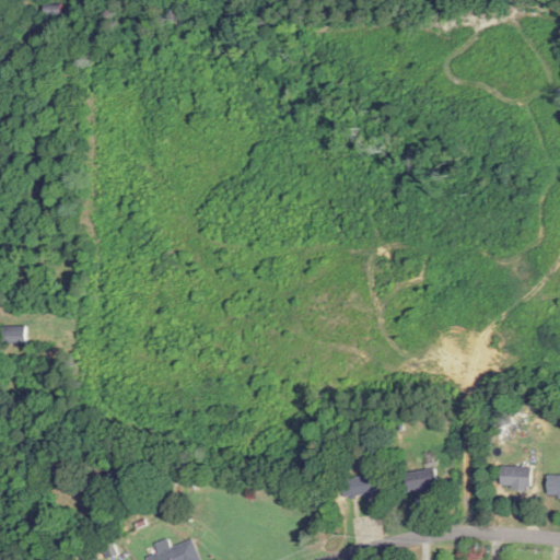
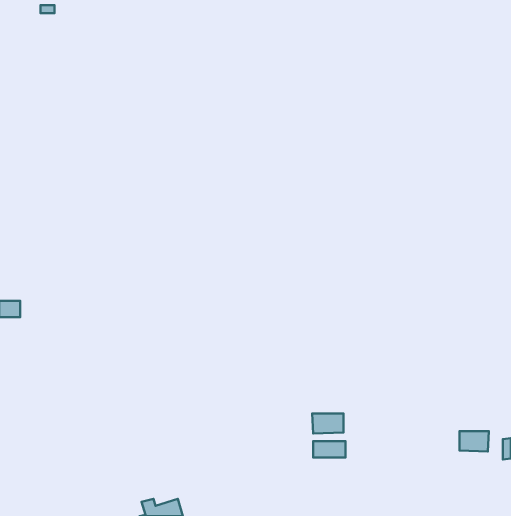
building: none -> [312,413,344,433]
building: [404,469,435,493] -> none

